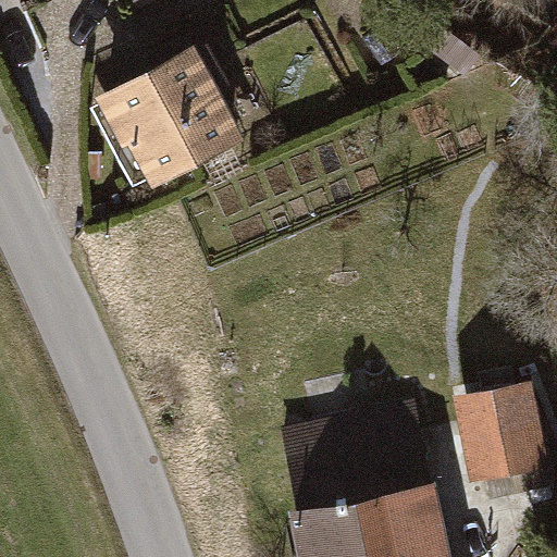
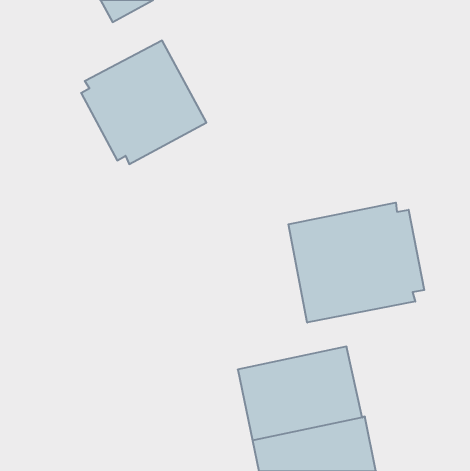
building: none -> [288,203,424,323]
building: [456,387,546,480] -> none

